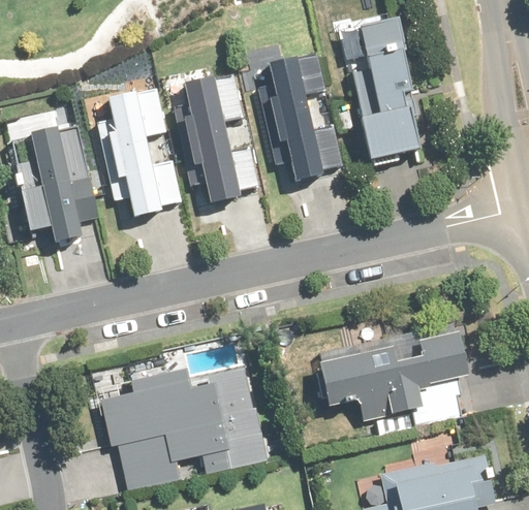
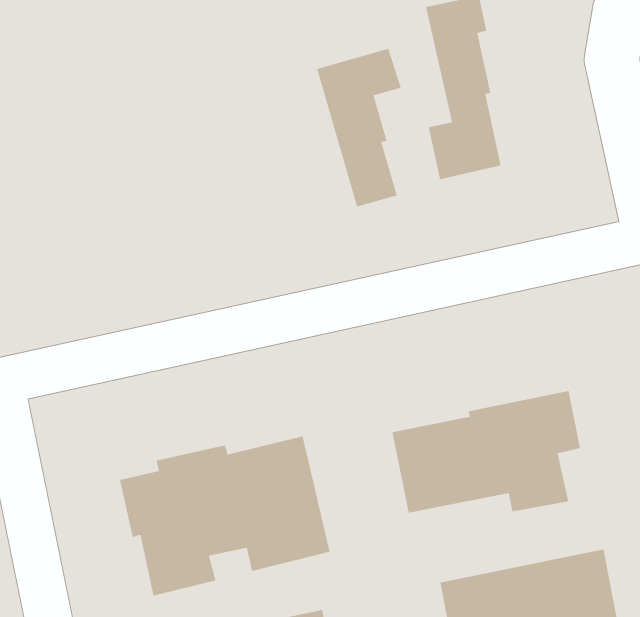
building: [178,78,252,201] -> none
building: [101,92,176,215] -> none
building: [22,126,100,240] -> none

